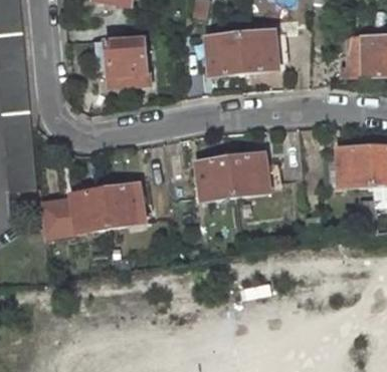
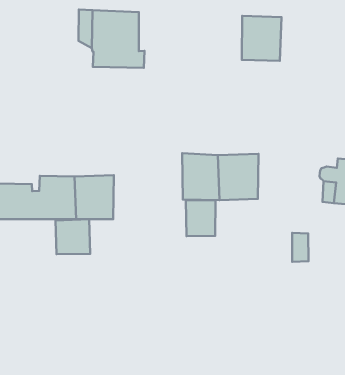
building: [203,32,241,73] -> none
building: none -> [186,200,215,236]
building: none -> [56,219,90,254]

